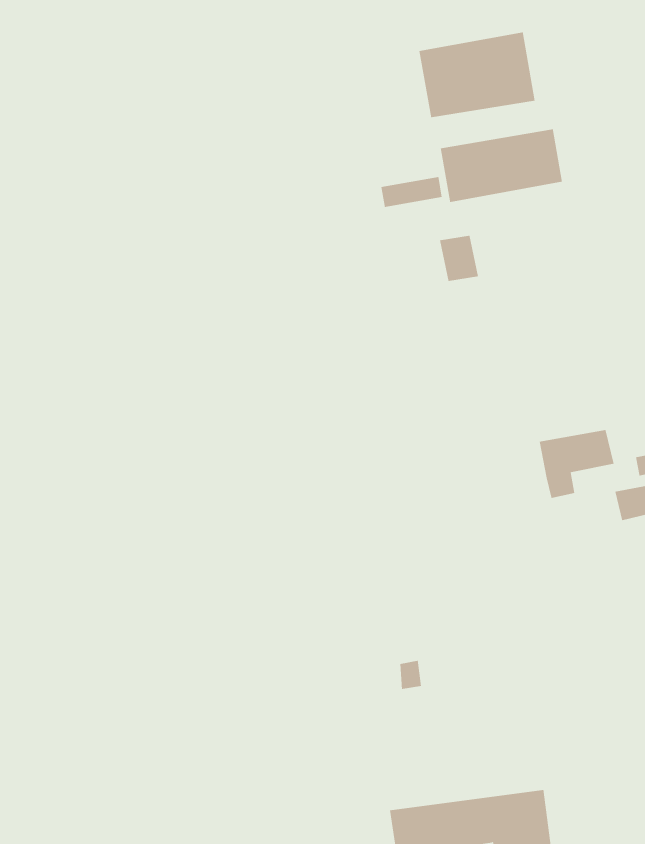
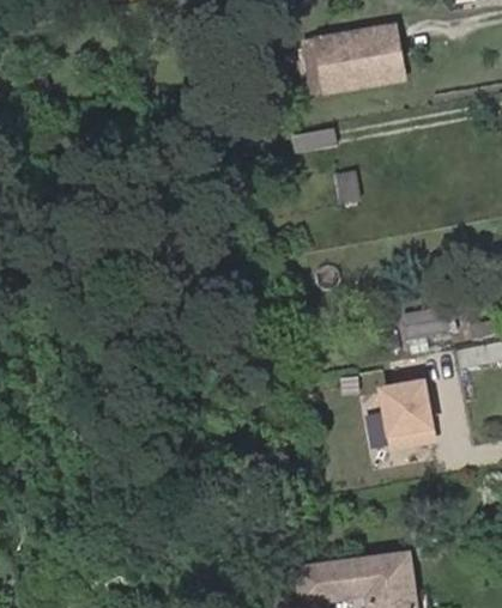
building: [440,128,562,203] -> none
building: none -> [375,376,435,448]

